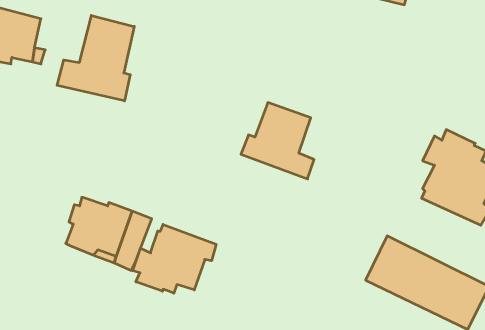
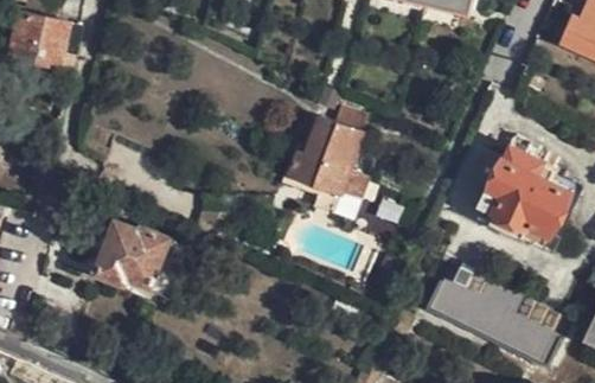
building: [57,15,134,101] -> none
building: [133,224,216,293] -> none

